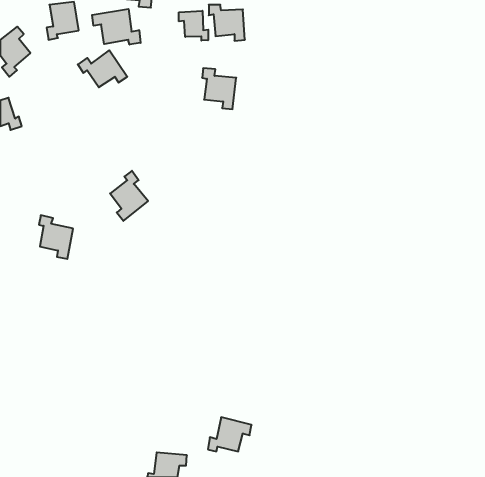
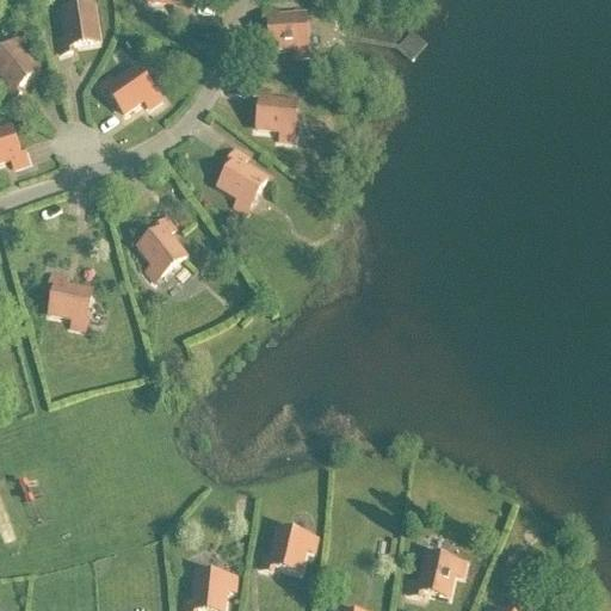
building: [92,9,141,45] -> none
building: [179,11,208,41] -> none
building: none -> [218,147,266,210]
building: none -> [409,550,464,593]

